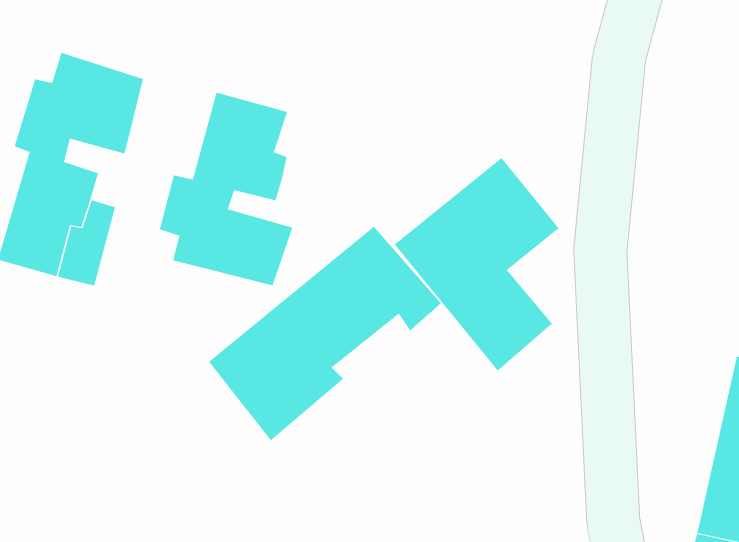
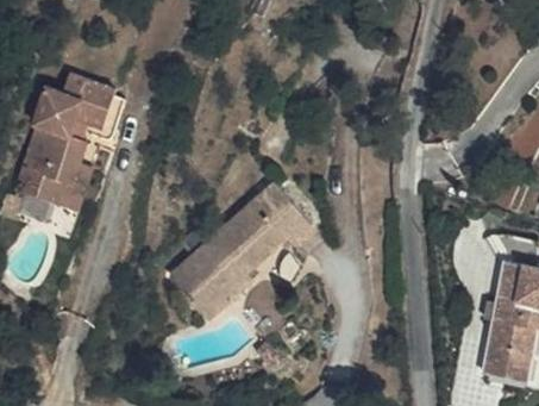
building: [159,92,293,286] -> none
building: [394,157,559,372] -> none

